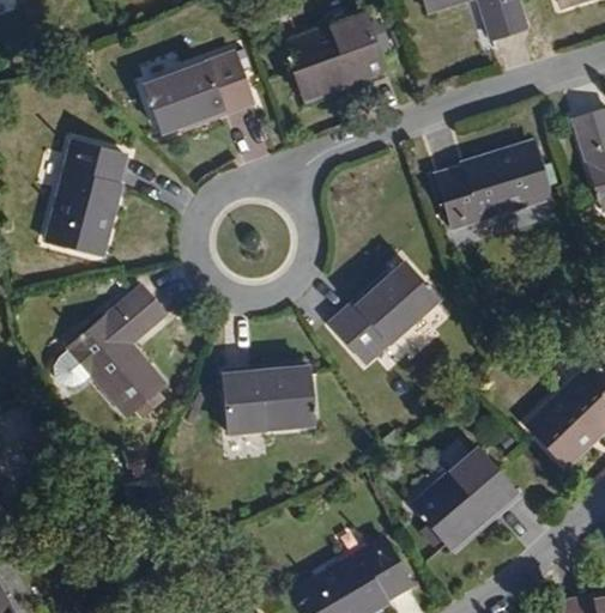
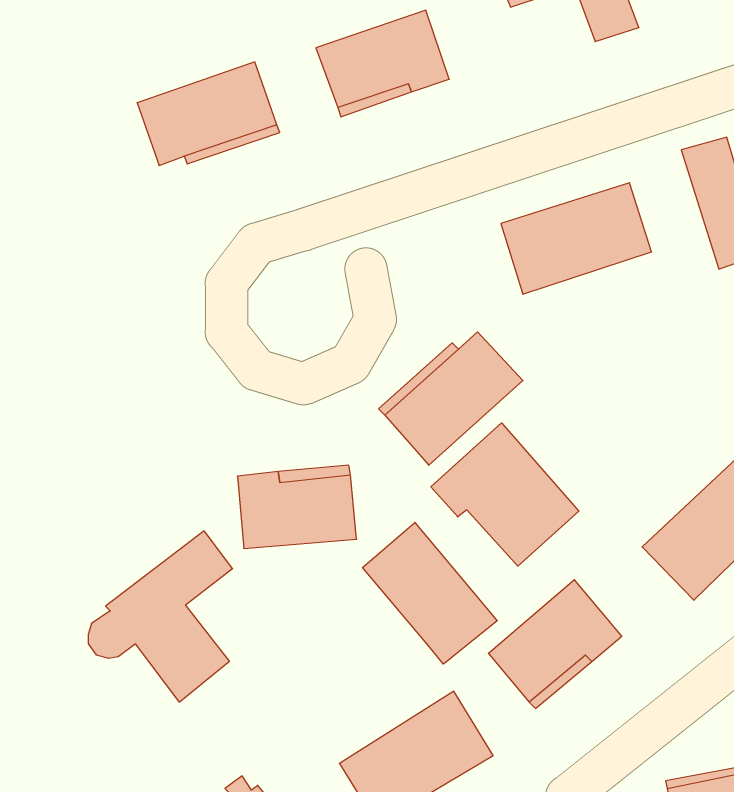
building: [48,138,129,253] -> none
building: [56,289,167,419] -> [88,531,233,702]
building: none -> [431,423,579,566]
building: none -> [363,522,497,664]

